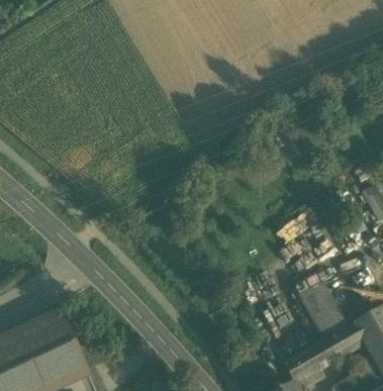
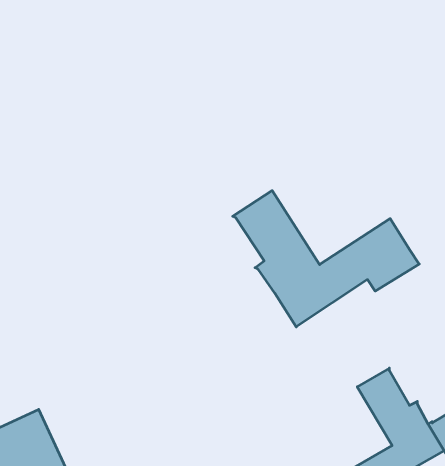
building: none -> [233,191,419,327]

